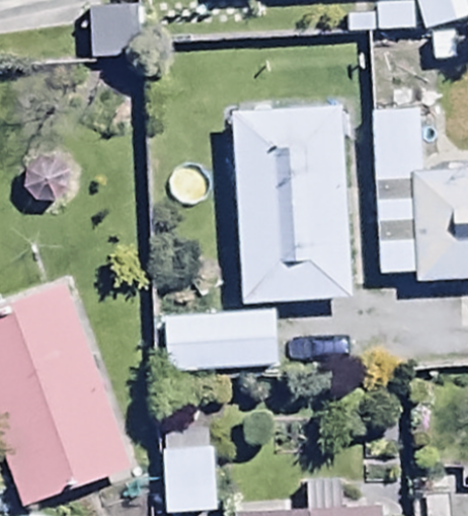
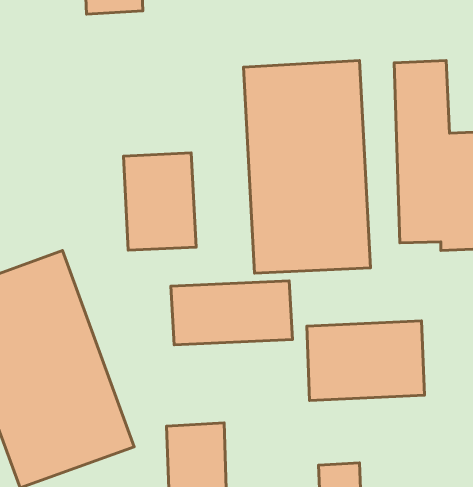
building: none -> [123,153,196,250]
building: none -> [307,321,424,400]

